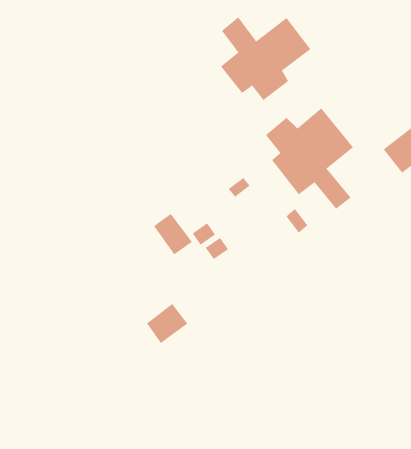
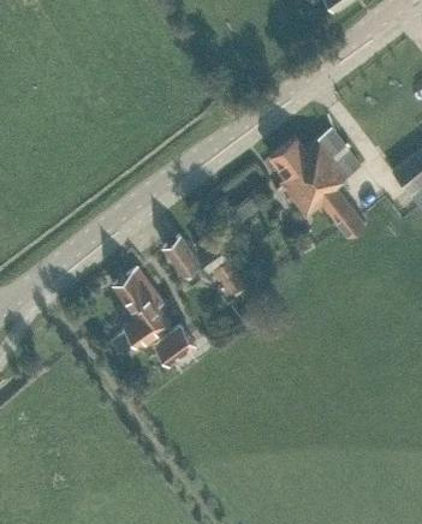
building: [220,17,311,101] -> none
building: none -> [113,267,172,347]

